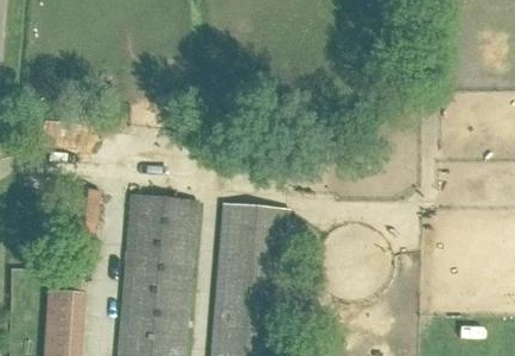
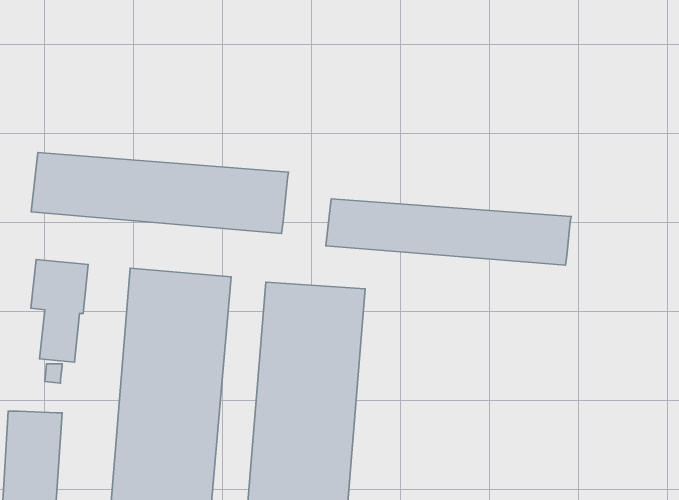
building: none -> [31,153,288,233]
building: none -> [326,199,571,265]

